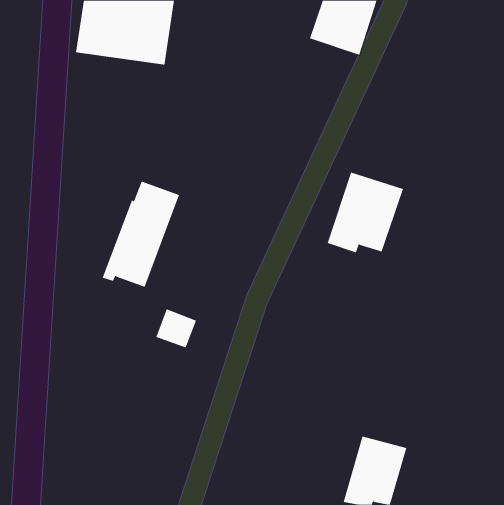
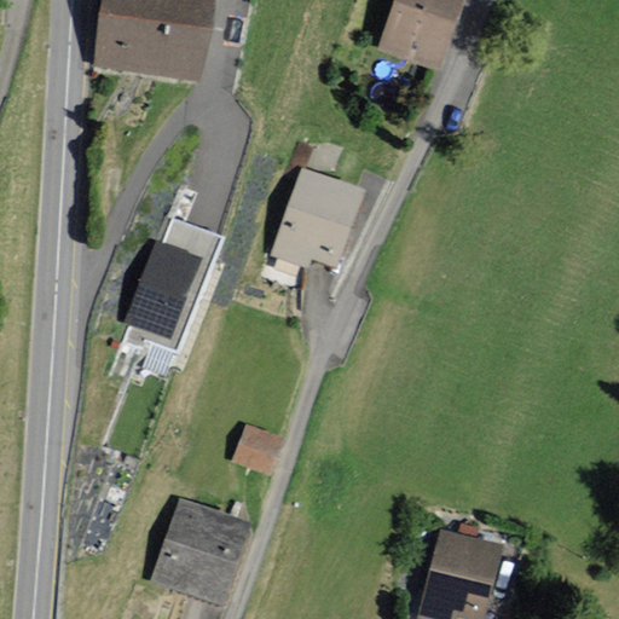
building: [327,172,404,253] -> [270,168,364,267]
building: [155,309,197,348] -> [231,424,282,473]
building: none -> [150,499,251,604]

